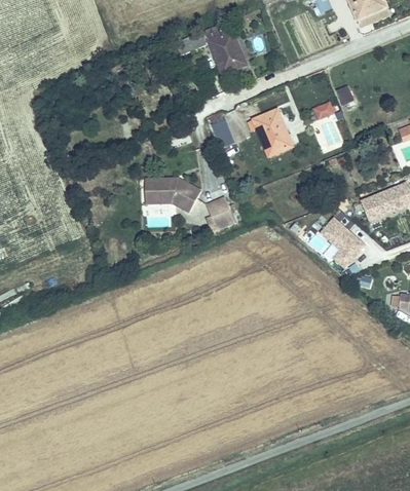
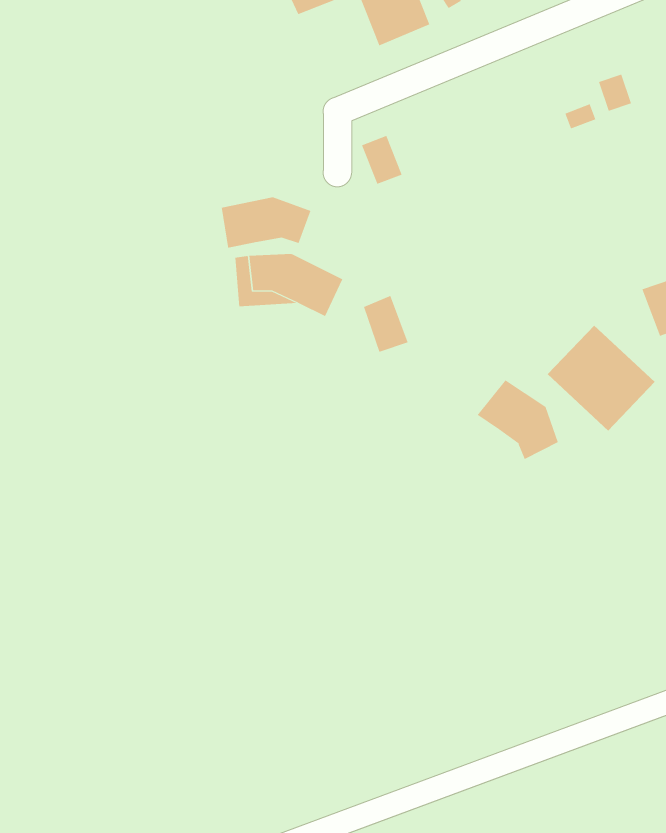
building: [252,108,290,153] -> none
building: none -> [221,197,311,248]
building: none -> [477,379,558,460]

